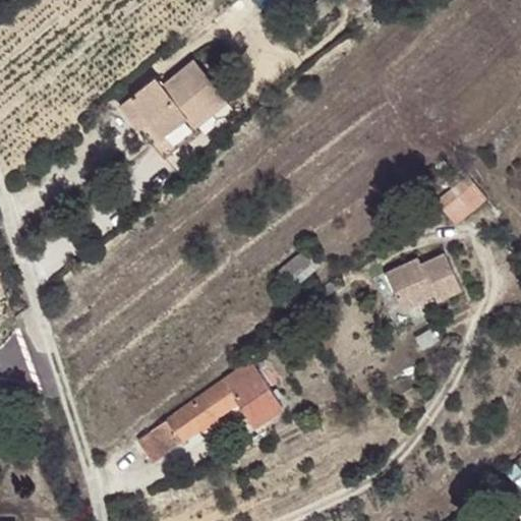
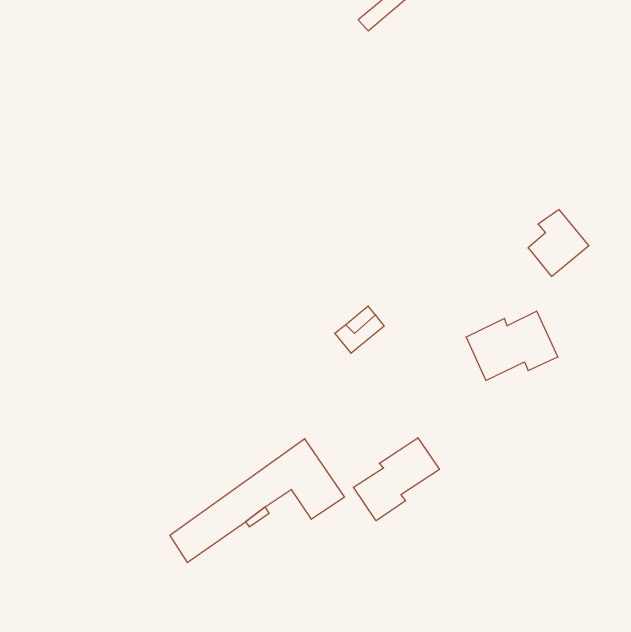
building: [119,57,226,155] -> none
building: none -> [353,438,439,521]

